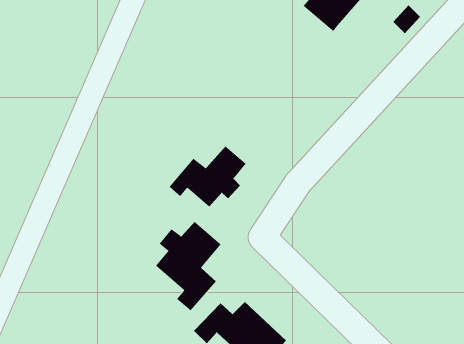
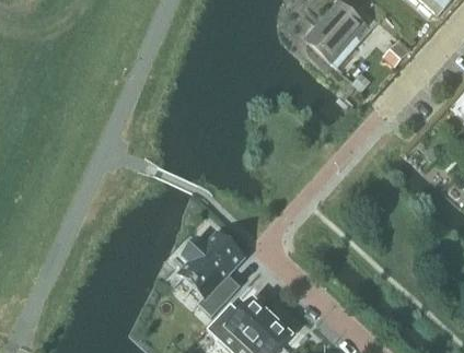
building: [169,145,246,207] -> none

